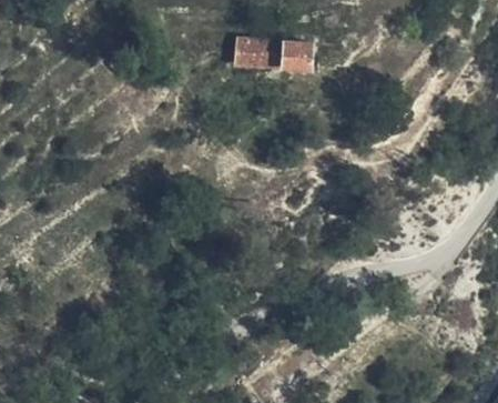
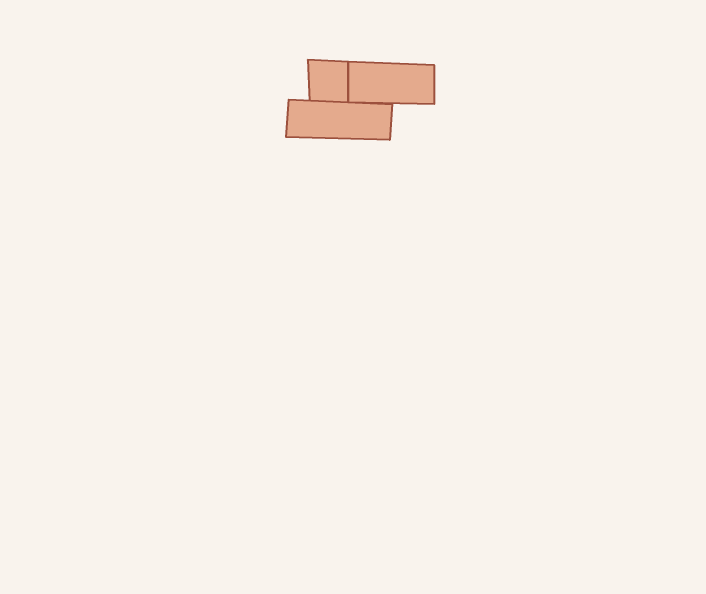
building: none -> [286,100,392,140]

